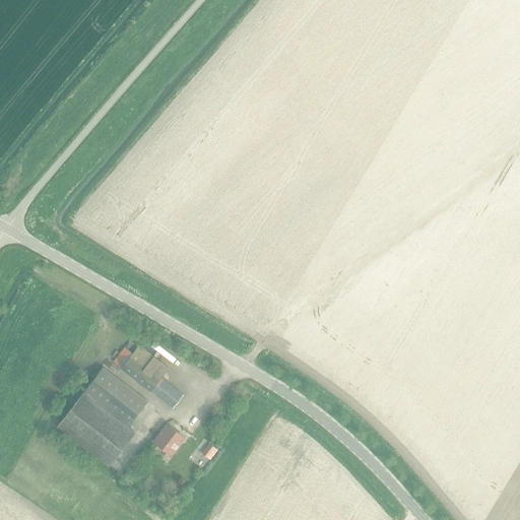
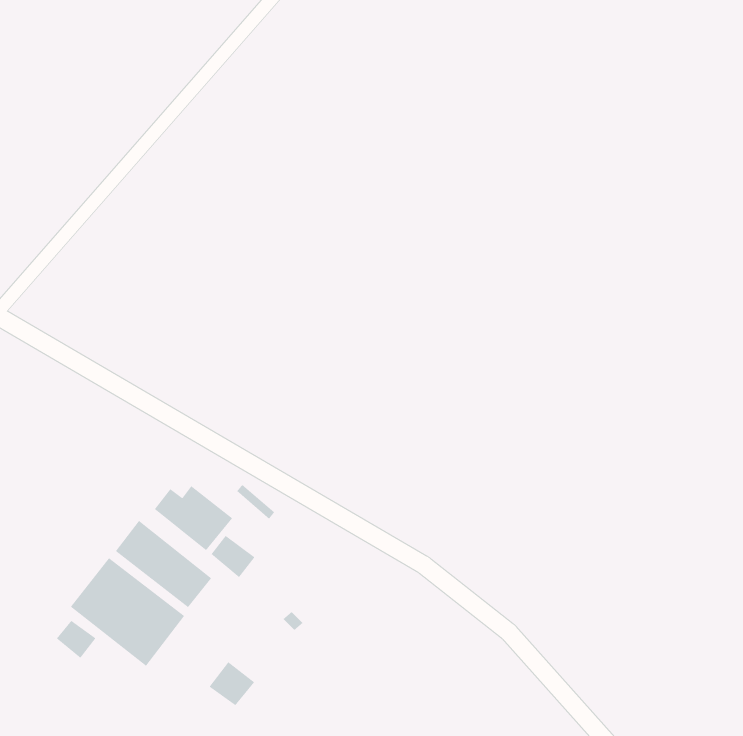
building: [153,424,185,454] -> [209,661,255,706]
building: none -> [56,620,97,659]

